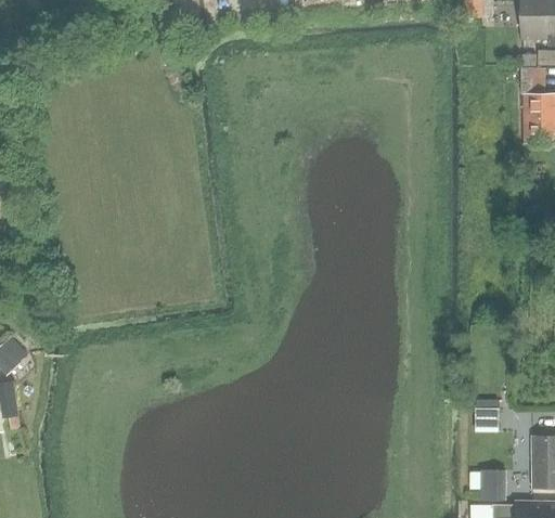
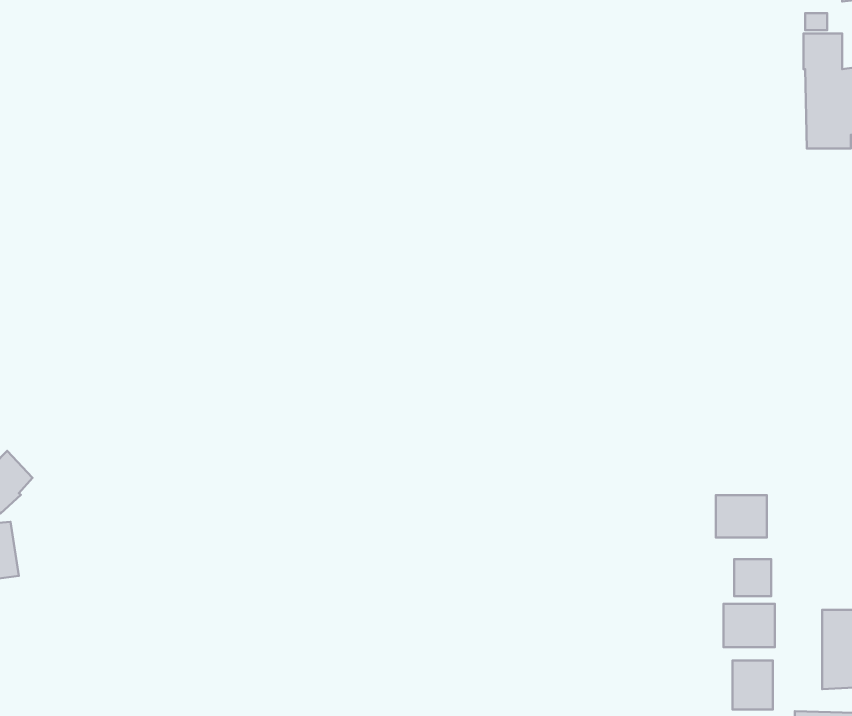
building: none -> [716,495,767,537]
building: none -> [723,604,775,647]

